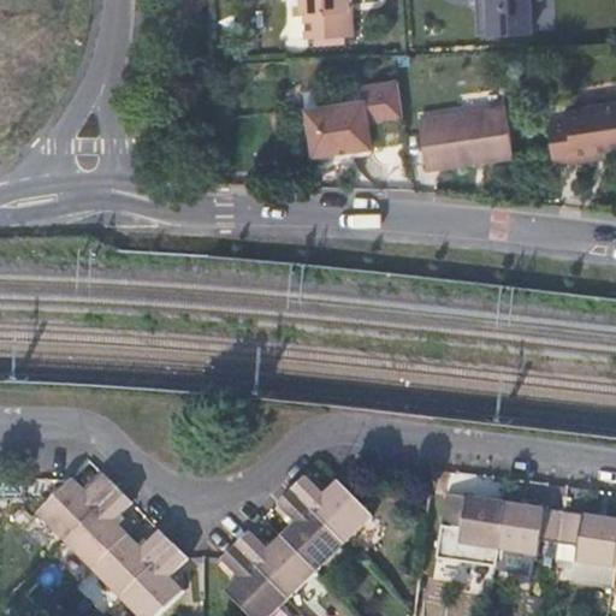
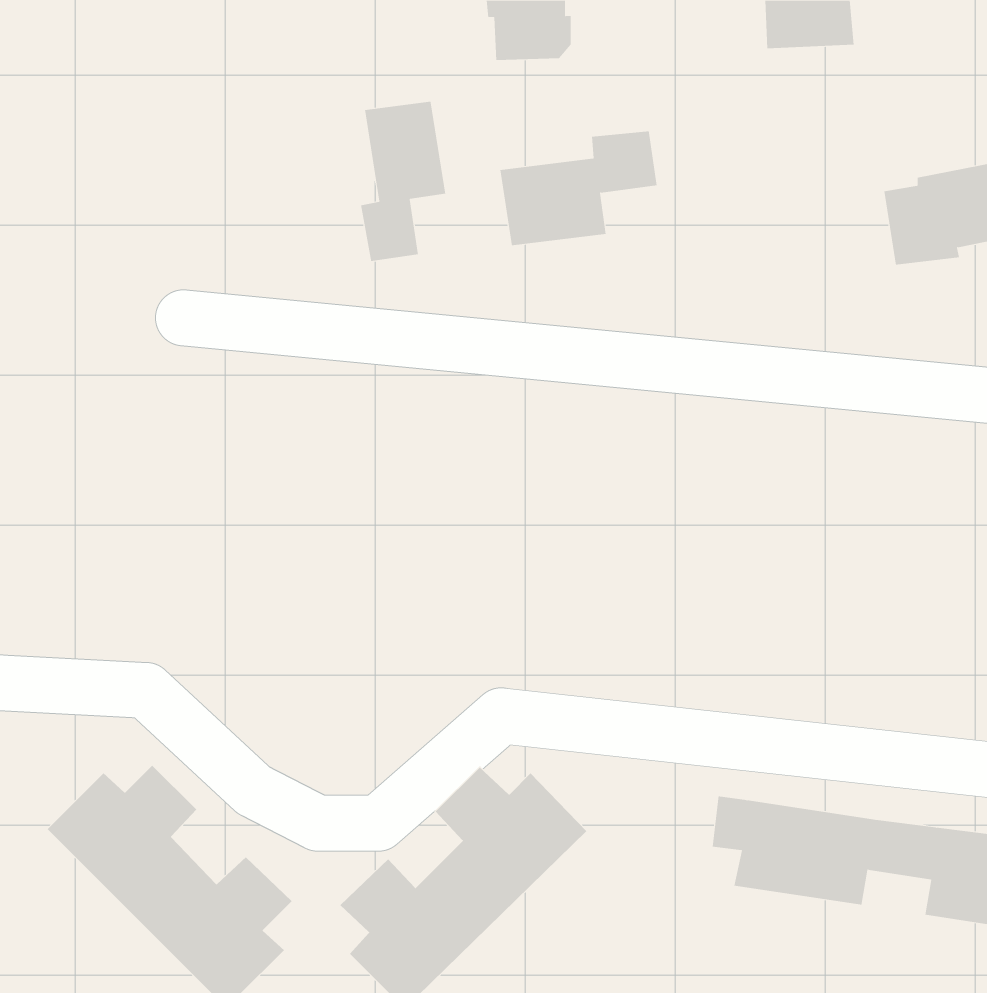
building: none -> [361,101,446,262]
building: [426,90,519,153] -> none

